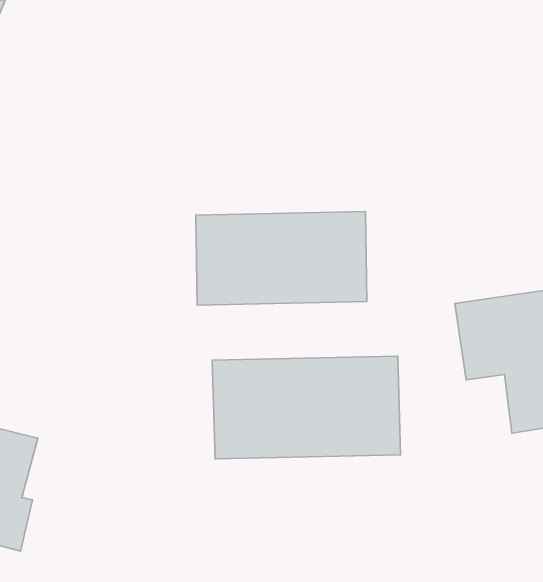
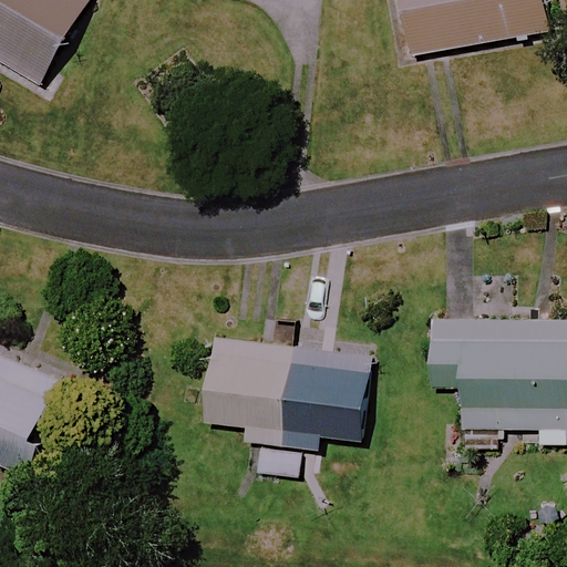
building: [196,211,367,305] -> none

